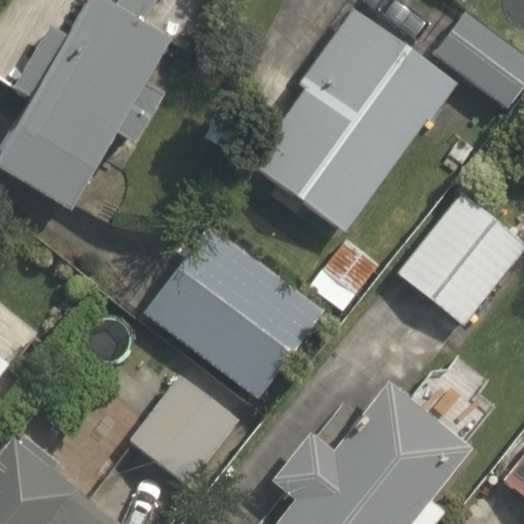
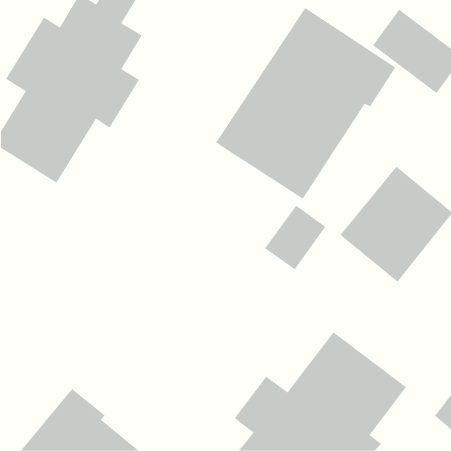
building: [141,224,325,402] -> none
building: [131,377,237,485] -> none

